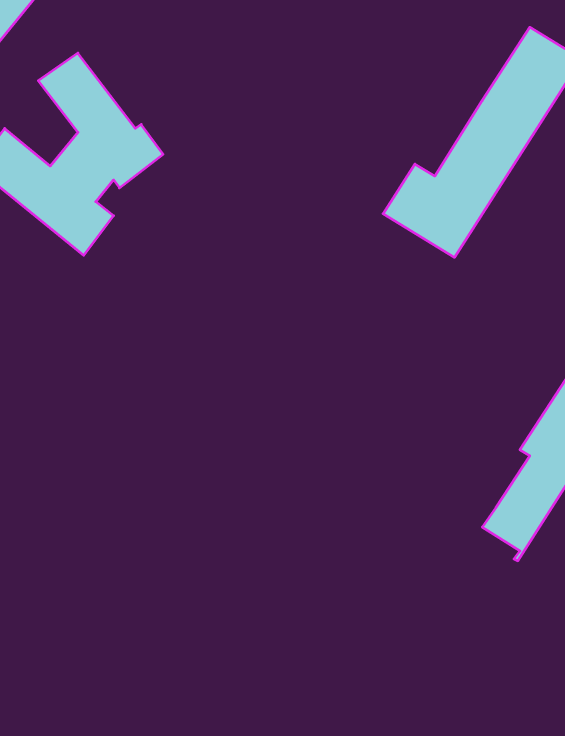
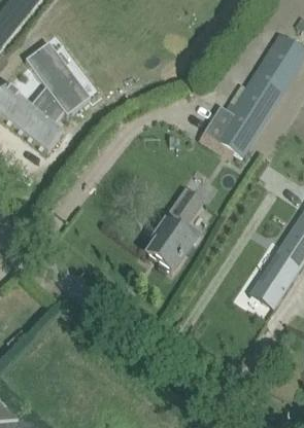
building: none -> [147,190,201,272]

